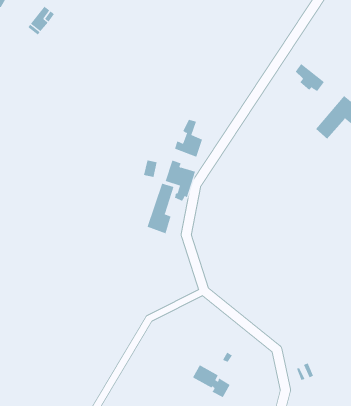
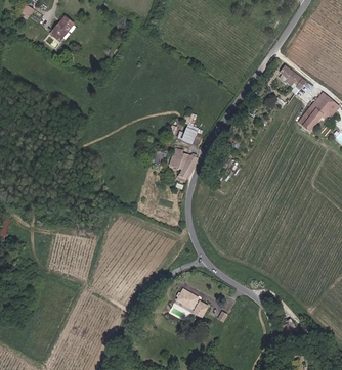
building: [147,183,174,234] -> none
building: [192,364,230,398] -> [176,289,209,318]

